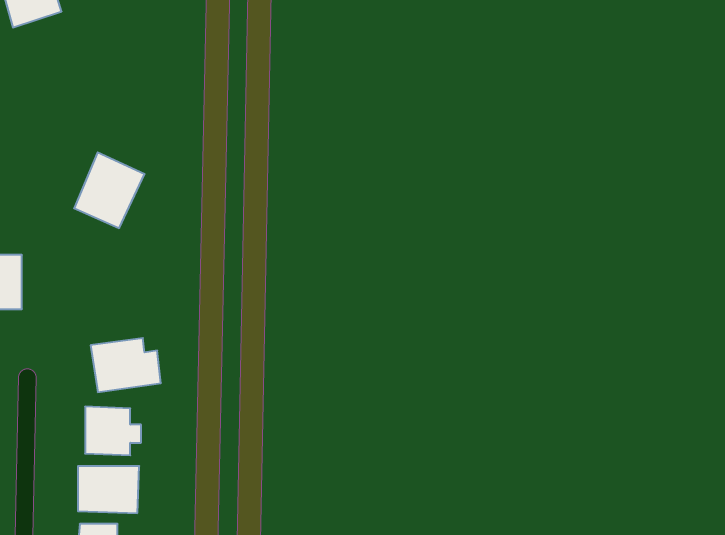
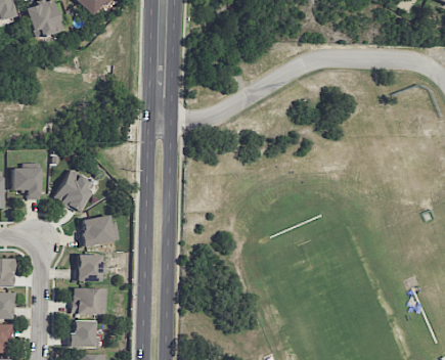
building: [74,152,145,228] -> [55,169,95,212]

